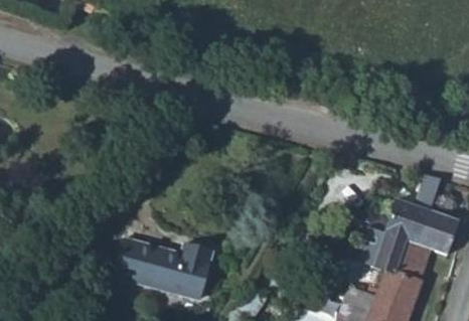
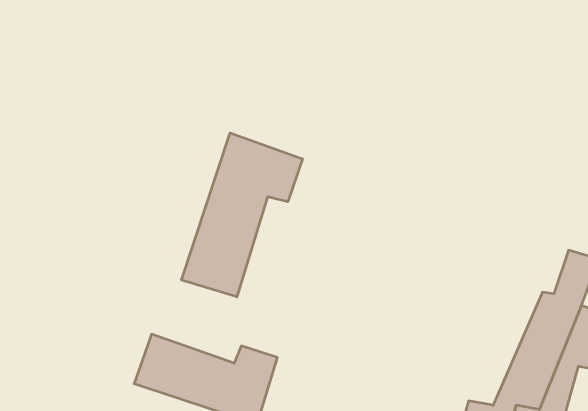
building: none -> [182,133,302,297]

